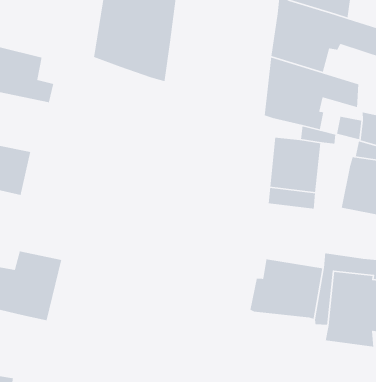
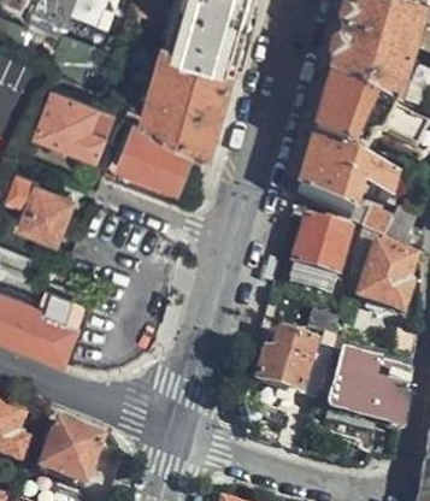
building: none -> [120,124,192,185]

